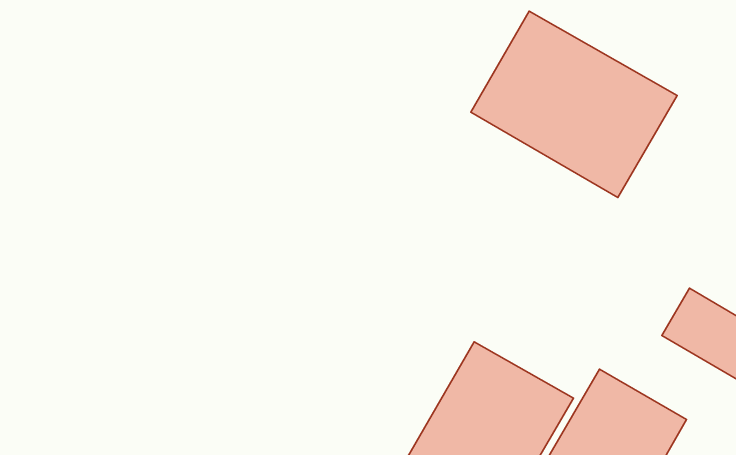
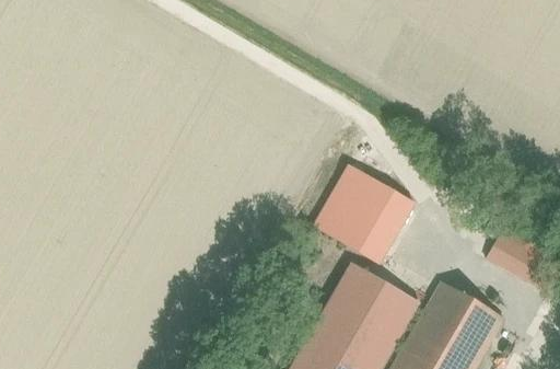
building: [471,11,677,198] -> none
building: none -> [312,163,415,263]

